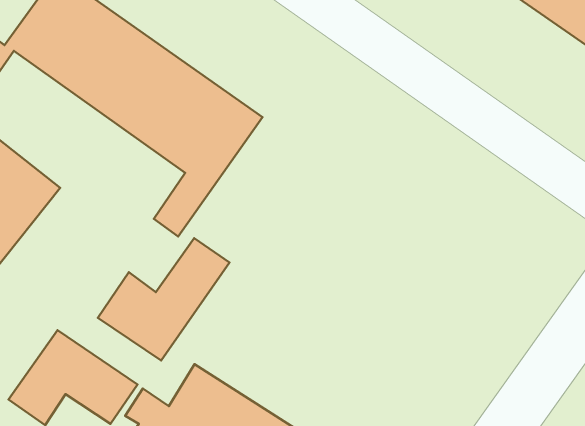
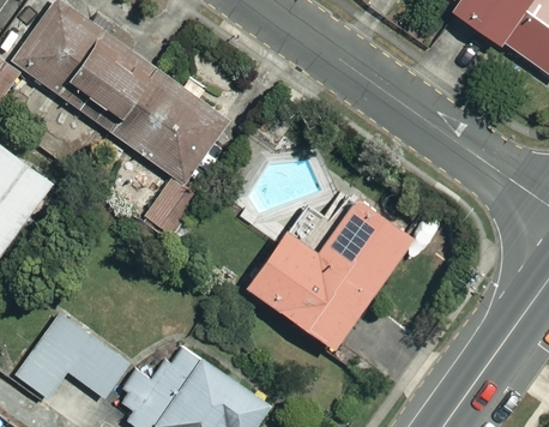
building: none -> [253,188,418,350]
building: [98,238,230,360] -> none

